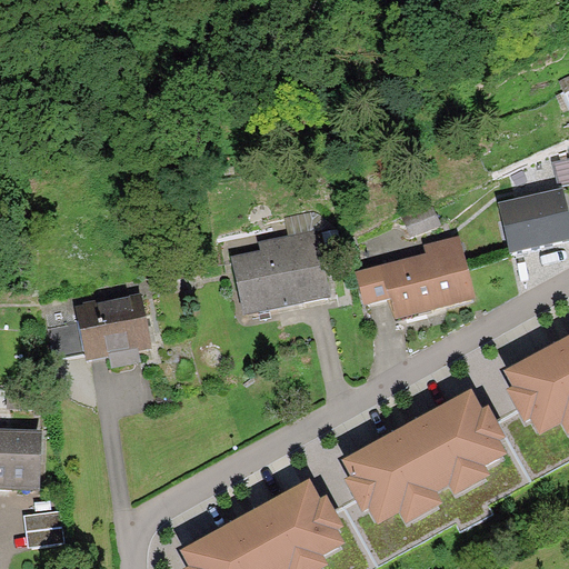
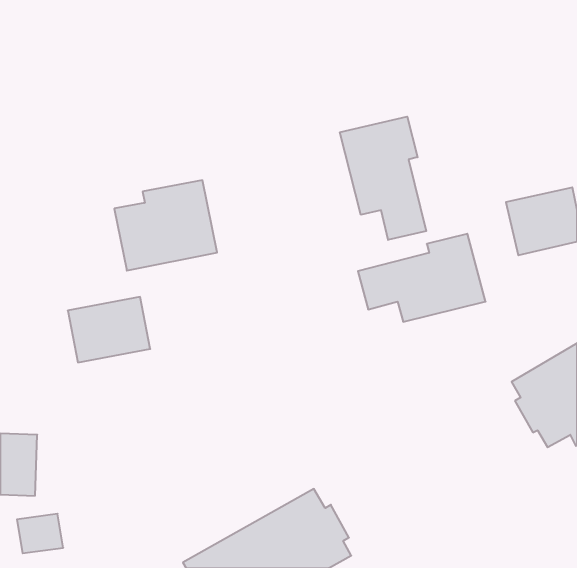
building: none -> [340,117,426,240]
building: [230,223,331,312] -> [114,180,217,271]
building: [342,391,507,529] -> none

